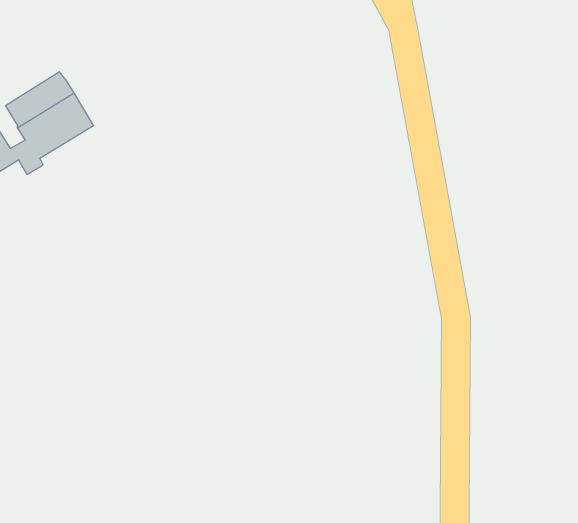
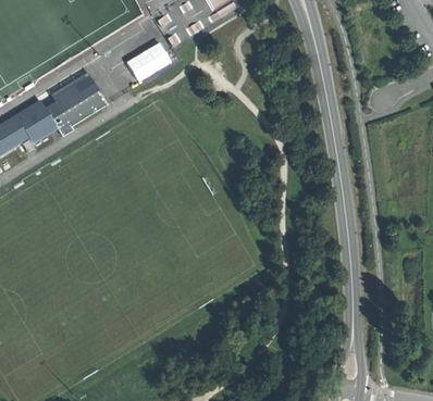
building: none -> [123,39,172,80]

